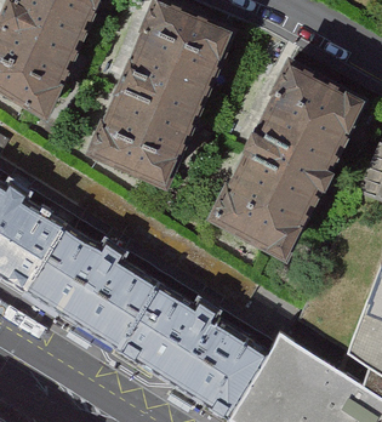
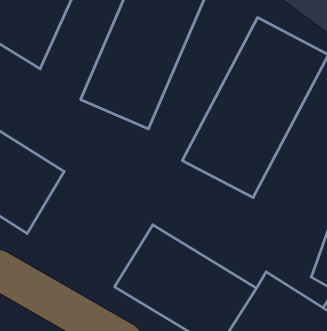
building: [32,232,171,360] -> none

